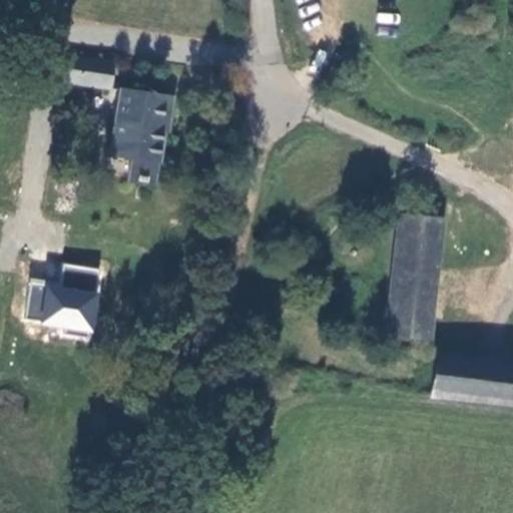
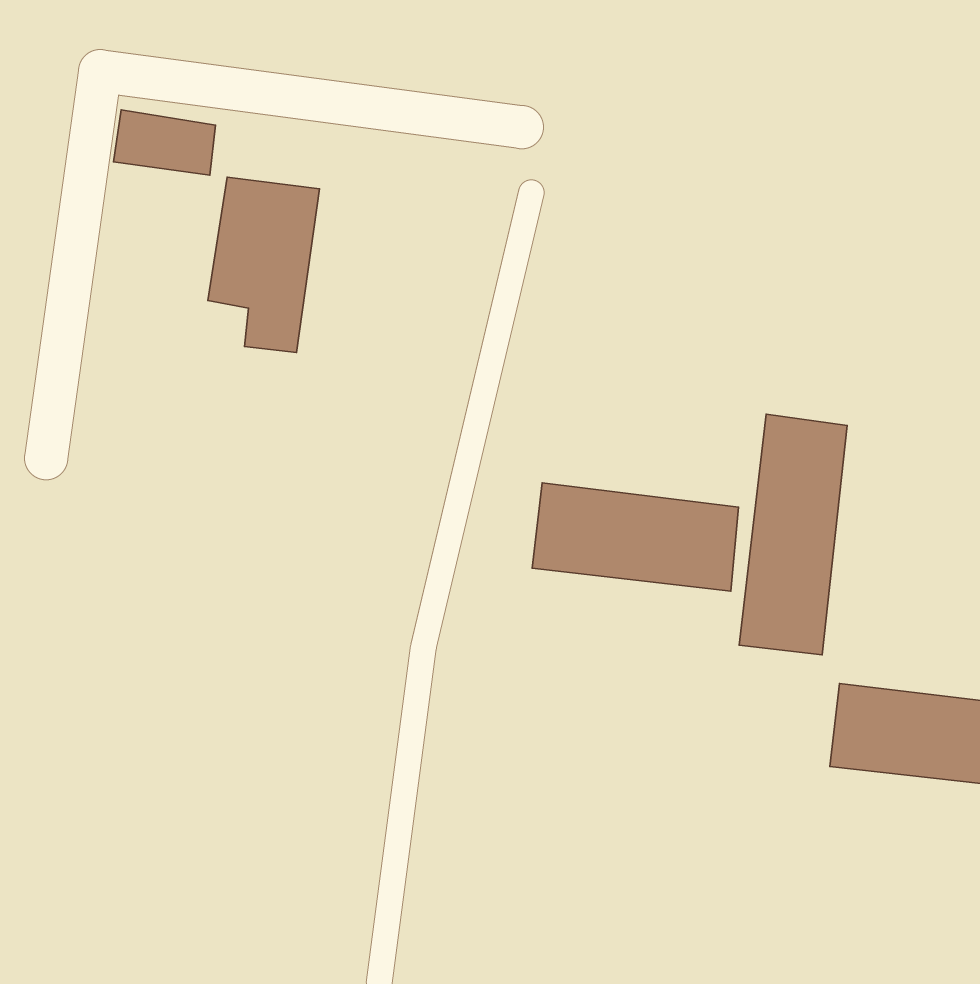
building: none -> [532,483,739,591]
building: [25,263,105,334] -> none

